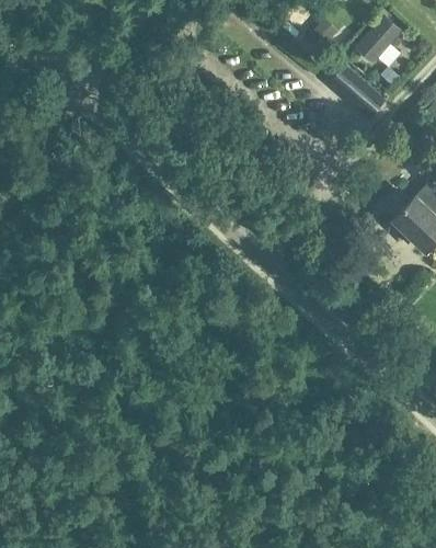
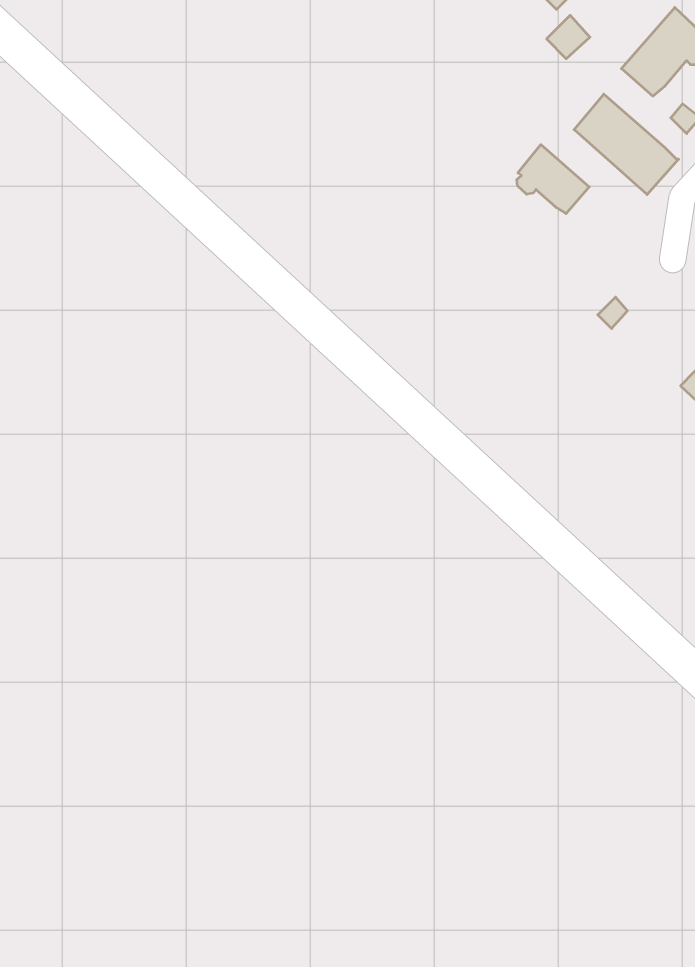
building: none -> [517,145,589,214]

